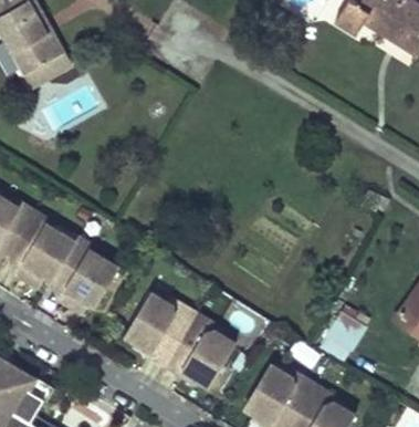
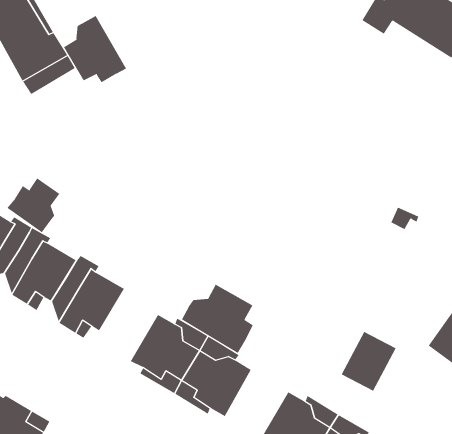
building: none -> [63,15,127,83]
building: none -> [6,178,60,233]
building: none -> [181,284,254,354]

